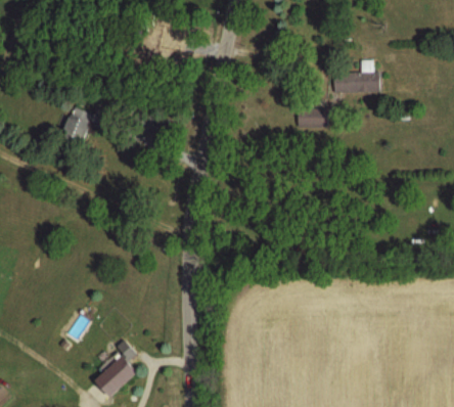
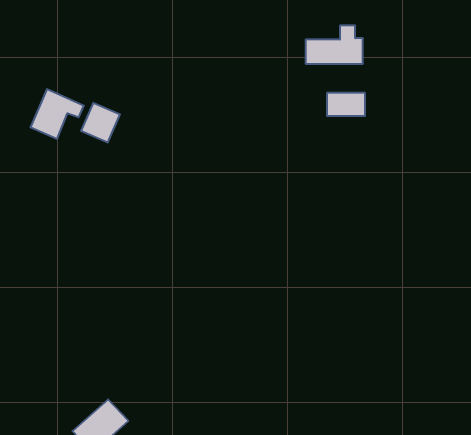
building: [334,62,380,93] -> [306,26,363,64]
building: none -> [81,103,120,143]

